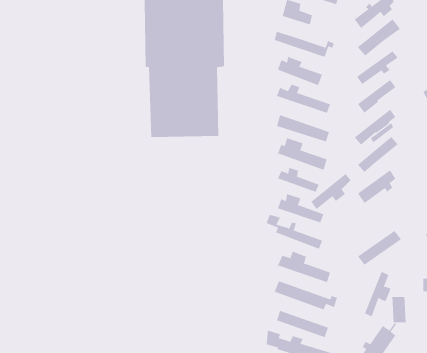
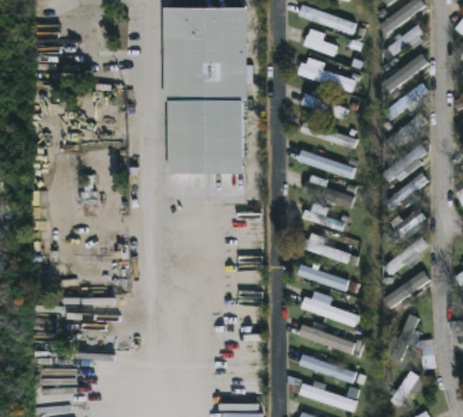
building: [310,173,352,210] -> [384,236,427,274]

